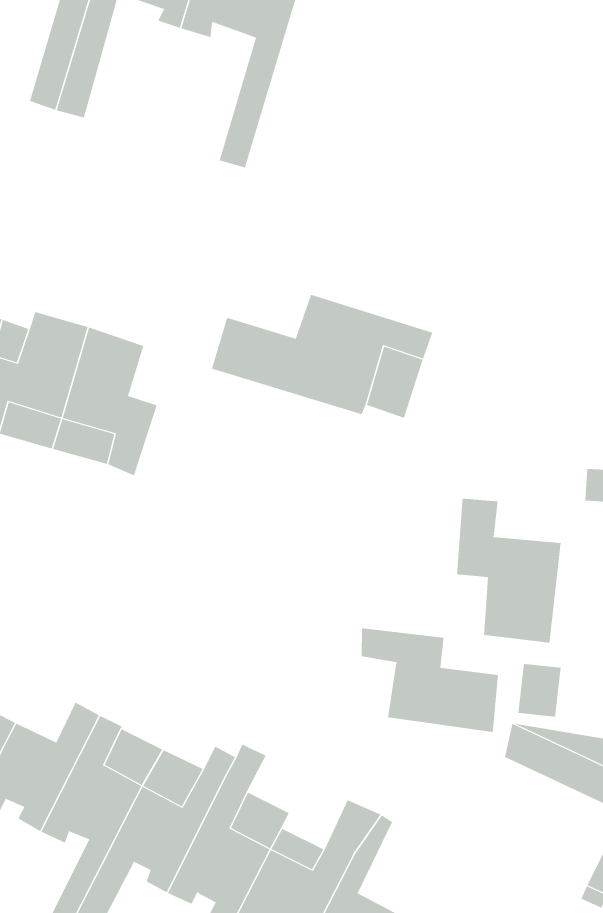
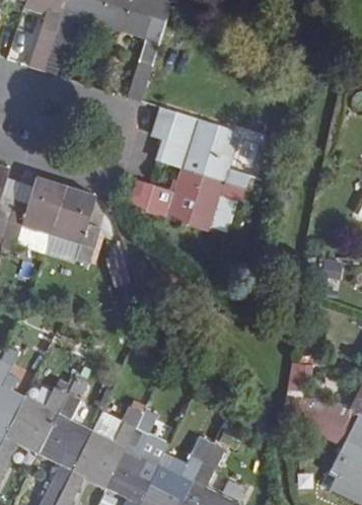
building: none -> [150,107,248,189]
building: [456,498,561,644] -> none
building: [361,628,499,733] -> none

